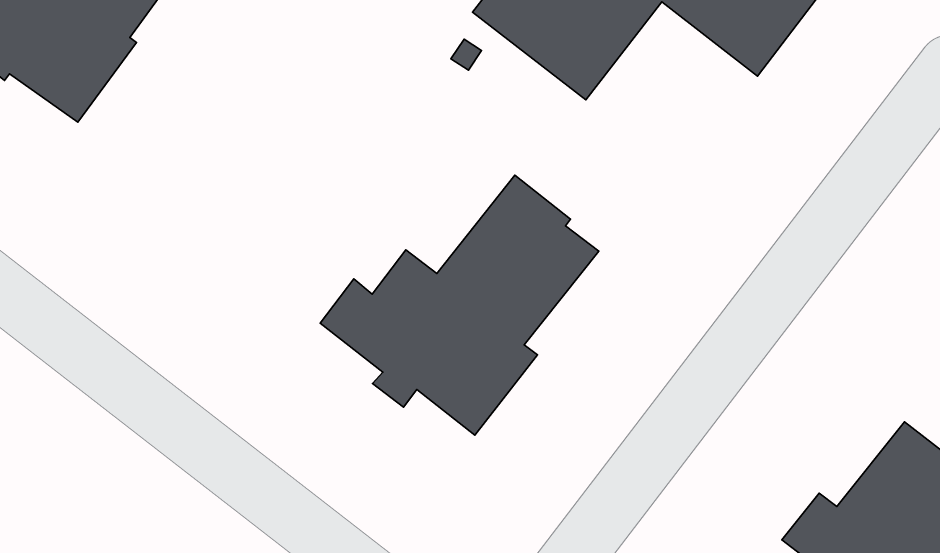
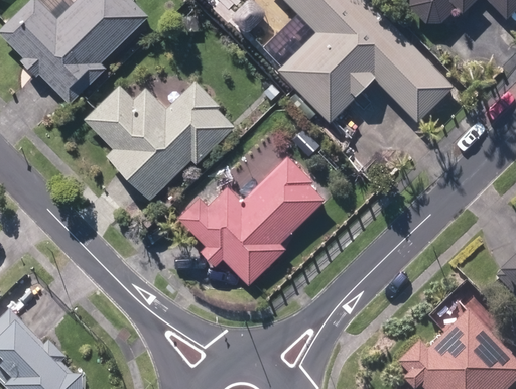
building: none -> [85,82,235,203]

